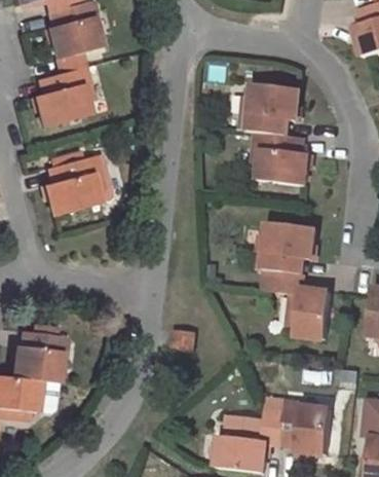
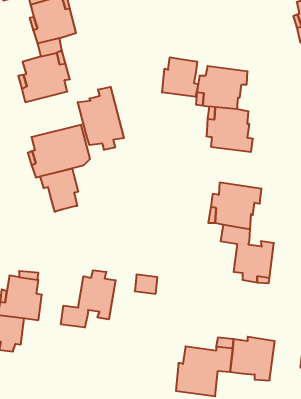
building: none -> [162,57,198,97]
building: none -> [78,87,124,150]
building: none -> [40,168,78,212]
building: none -> [61,270,115,328]

